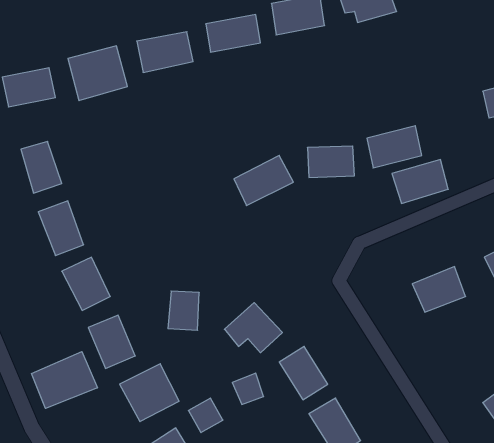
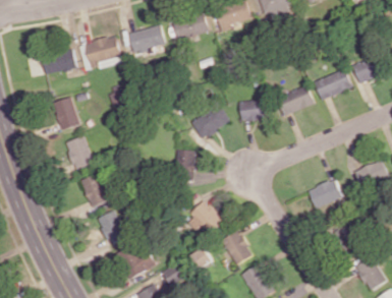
building: [392,160,448,203] -> [315,70,351,99]
building: [168,291,199,330] -> [174,150,194,175]
building: [31,352,97,408] -> none

